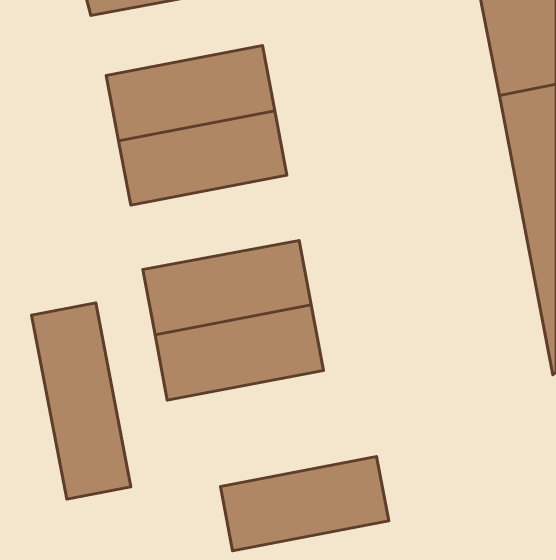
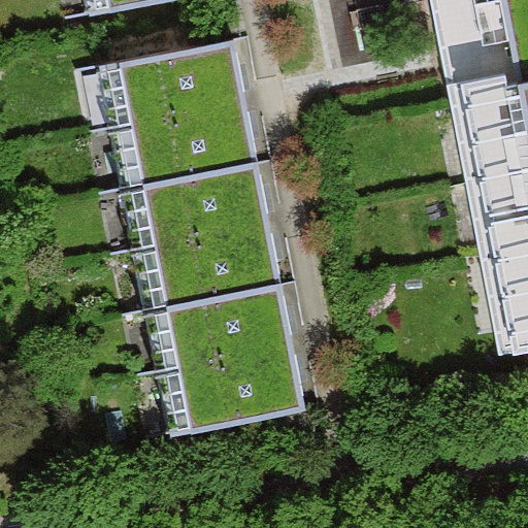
building: none -> [122,163,278,251]
building: [32,303,131,499] -> none
building: [220,457,389,551] -> [156,344,312,432]

